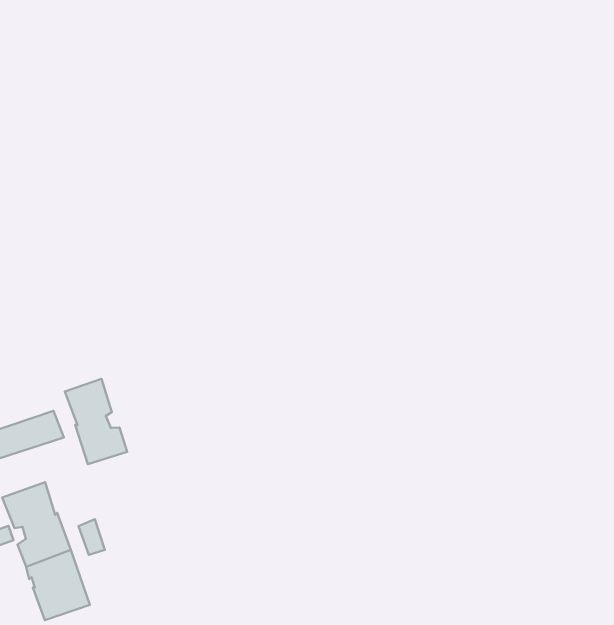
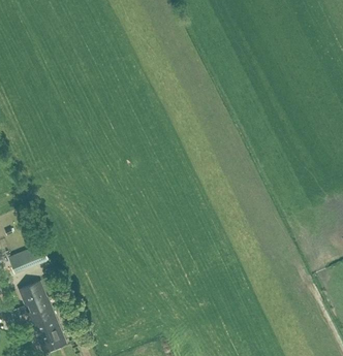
building: [65,379,127,464] -> none

